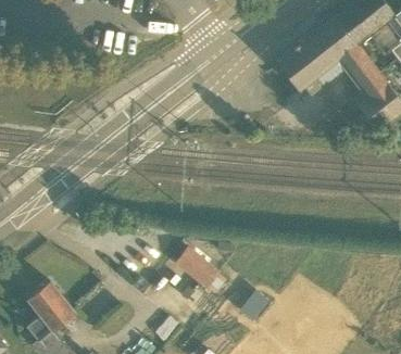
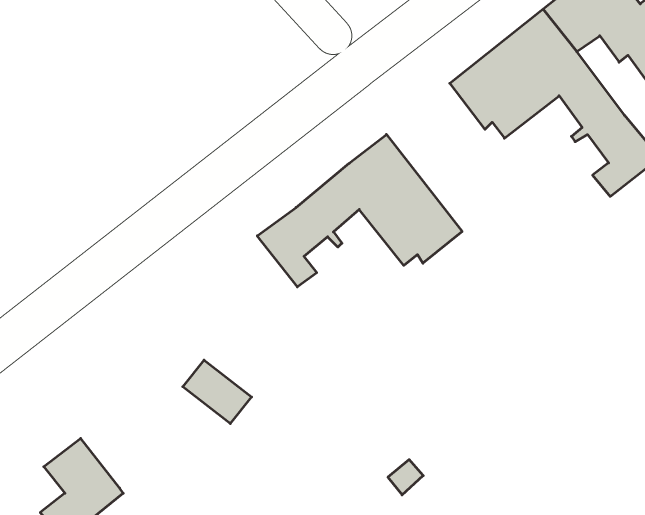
building: none -> [257,134,462,287]
building: [178,250,221,289] -> [183,360,252,424]

